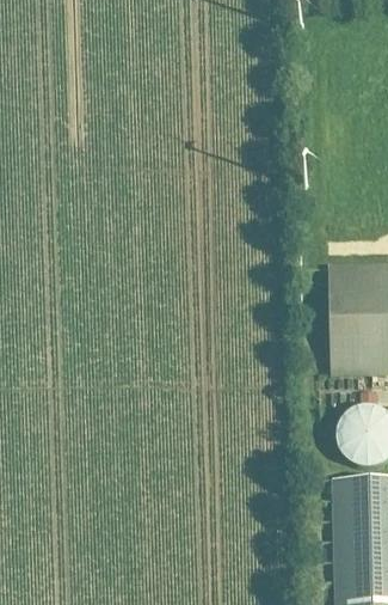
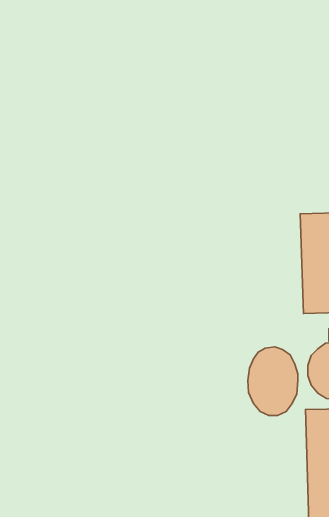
building: none -> [248,347,298,415]

